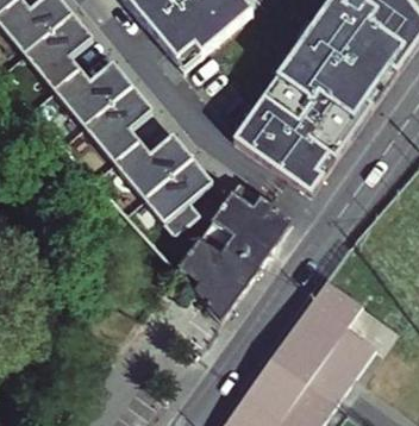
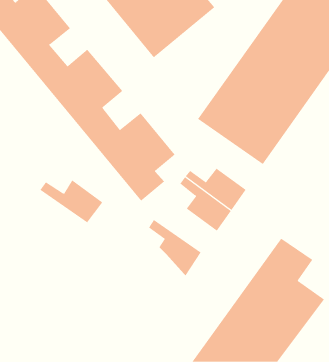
building: [185,240,257,290] -> [39,179,103,223]

